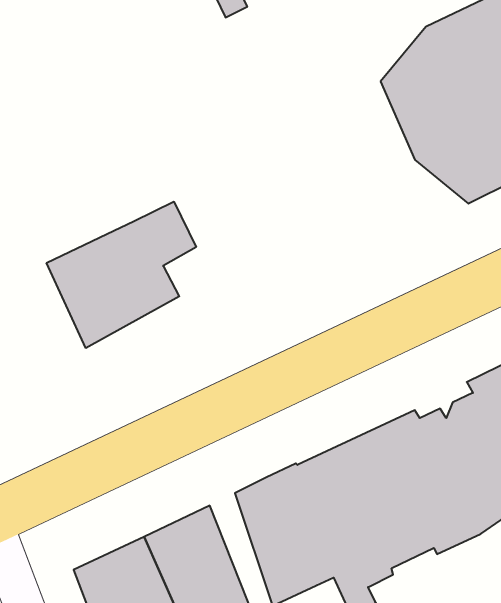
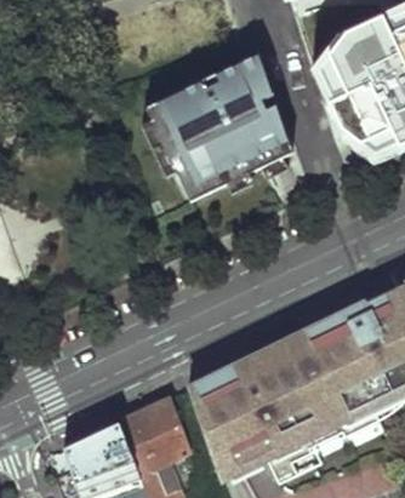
building: none -> [146,55,291,202]
building: [47,202,196,348] -> none

